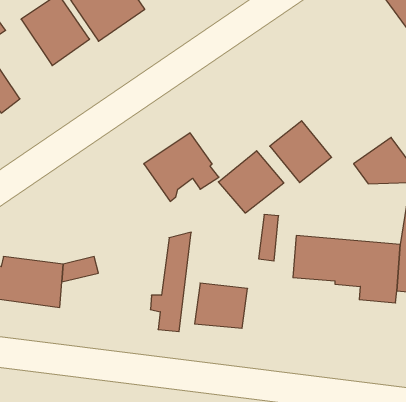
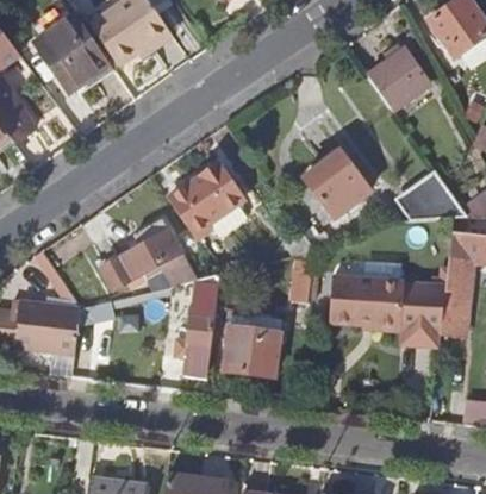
building: none -> [368,48,430,110]
building: [218,151,284,213] -> none
building: none -> [102,219,183,287]

